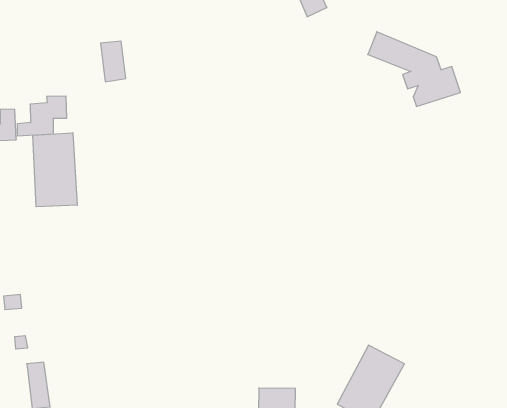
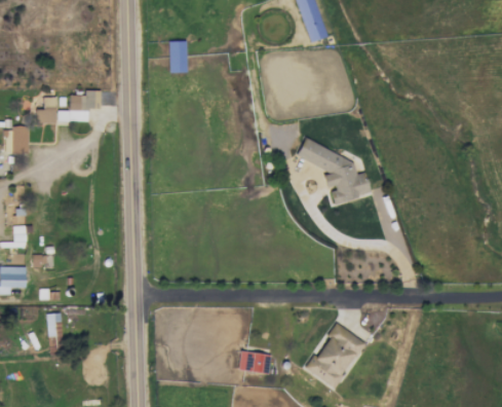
building: [368,32,460,106] -> [296,137,371,202]
building: [101,41,126,82] -> [168,40,187,73]
building: [33,133,77,207] -> none

